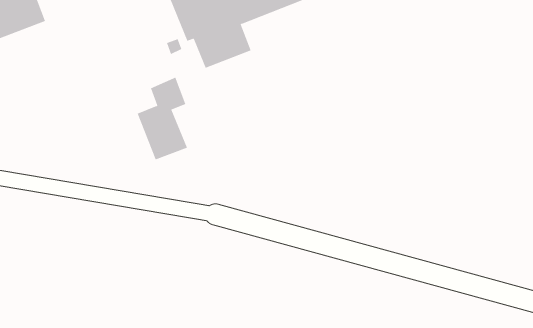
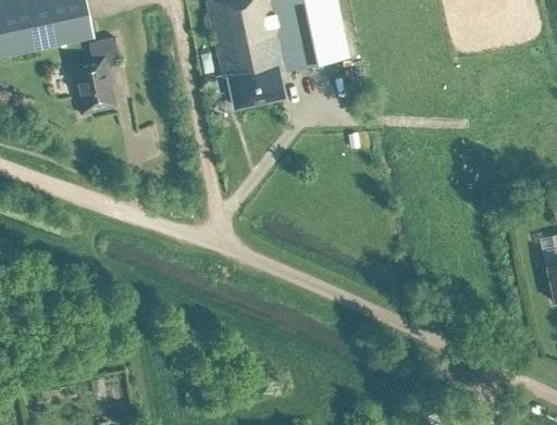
building: [137,77,188,160] -> [73,38,121,113]

